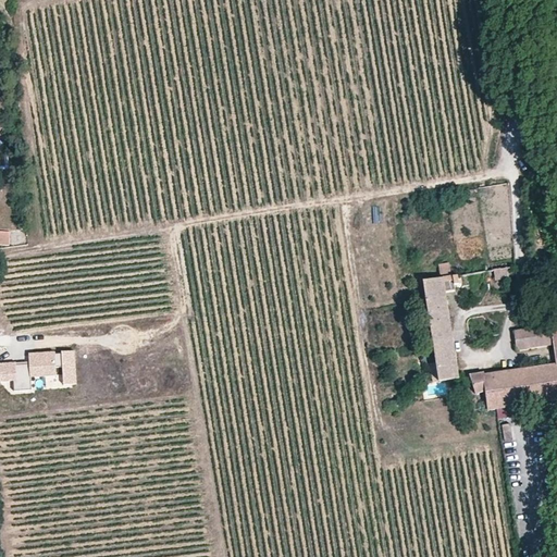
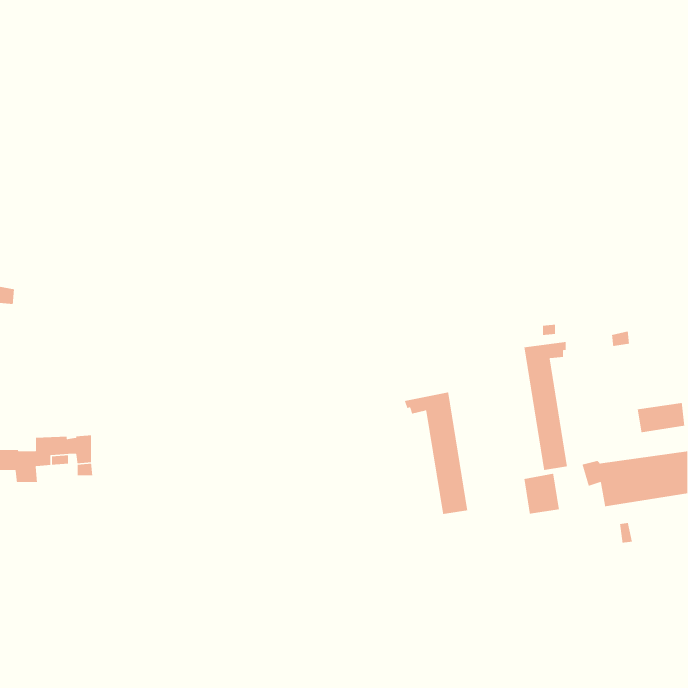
building: none -> [404,392,468,515]
building: none -> [523,473,560,515]

